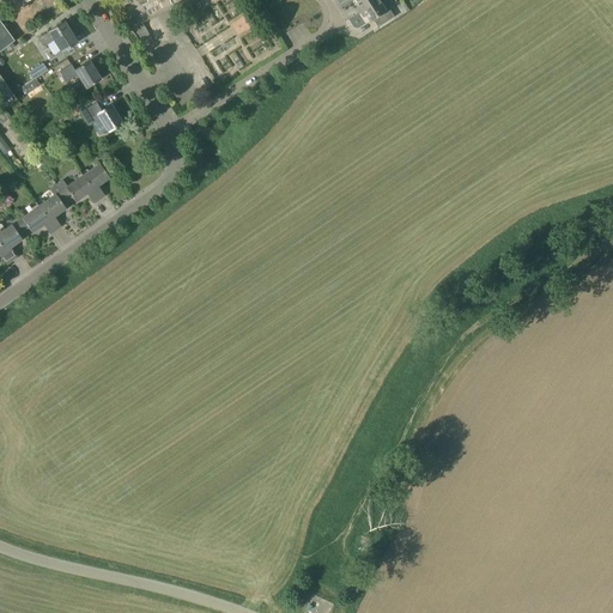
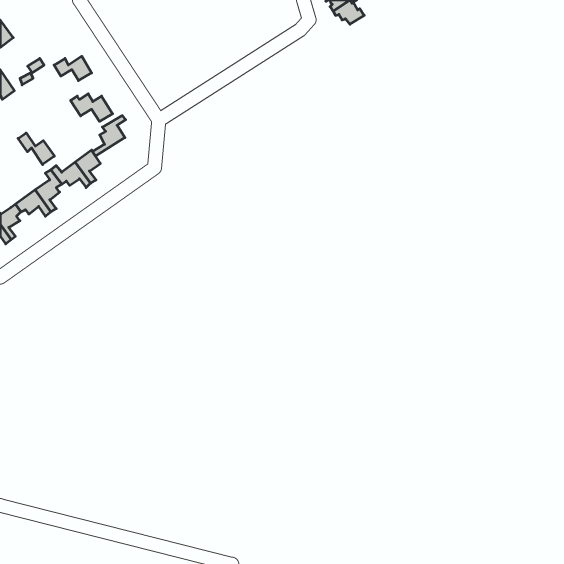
building: [38,22,77,51] -> none
building: none -> [93,116,126,156]
building: none -> [18,133,54,165]

